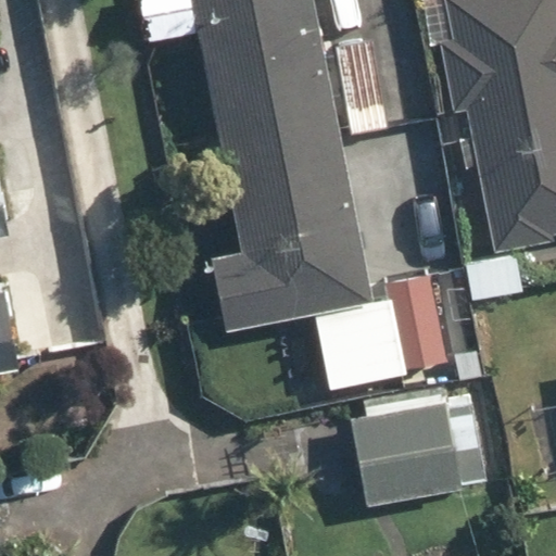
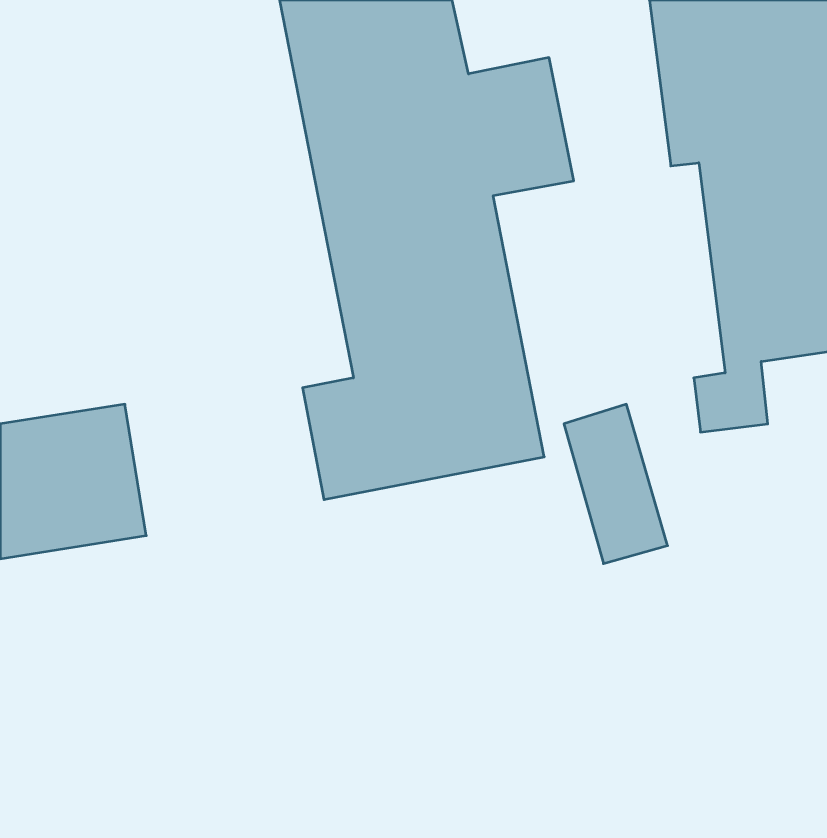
building: [350,396,489,506] -> none

